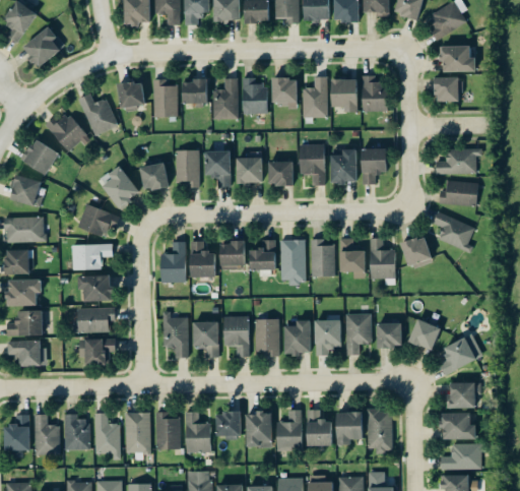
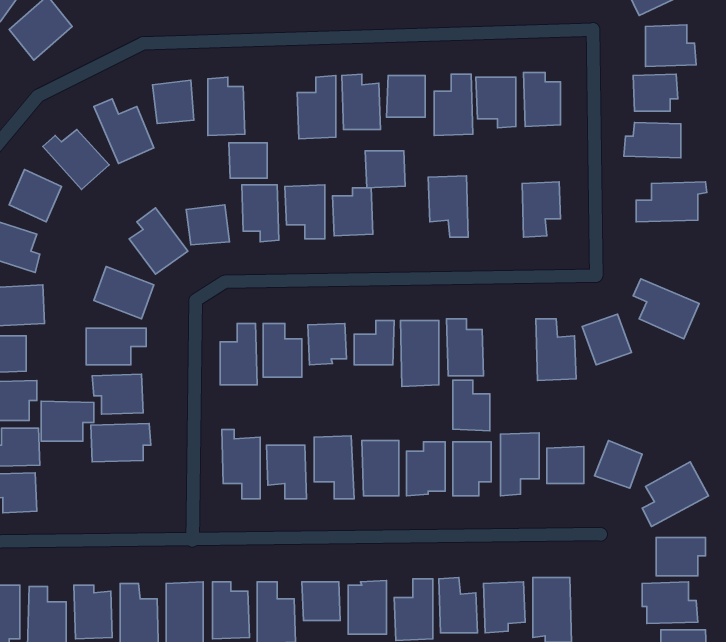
building: [181,80,206,104] -> [229,143,267,178]
building: [330,149,356,182] -> none
building: [267,162,294,186] -> [365,151,405,188]
building: [440,182,477,205] -> [624,122,681,158]
building: [340,239,365,272] -> [453,380,490,431]
building: [81,339,116,365] -> [41,401,94,441]

